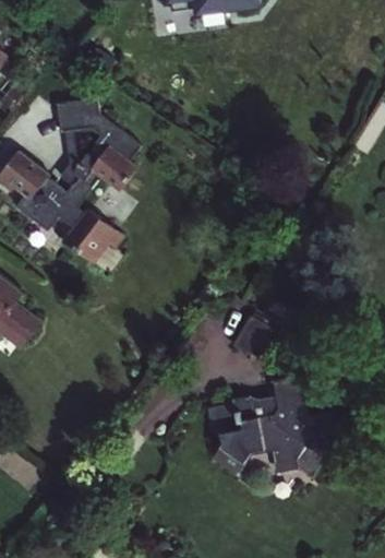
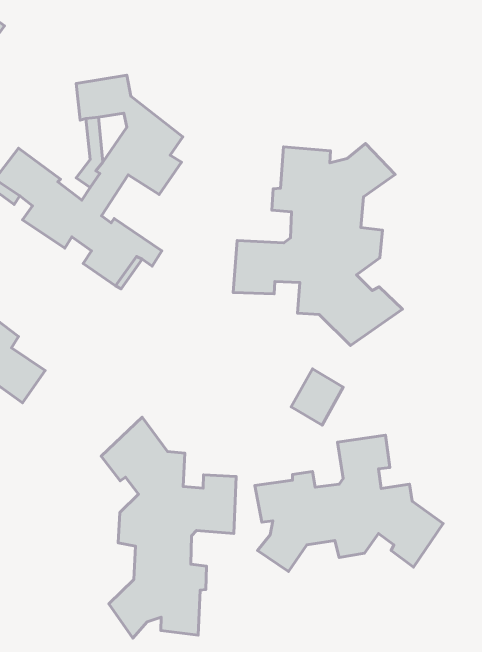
building: none -> [233,143,403,345]
building: none -> [101,417,236,638]

